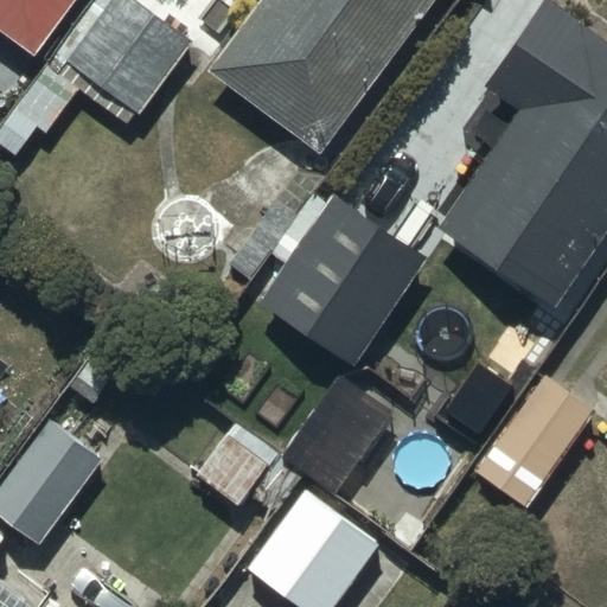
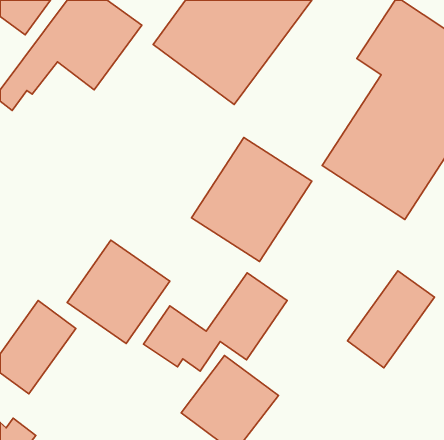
building: none -> [67,240,170,344]

